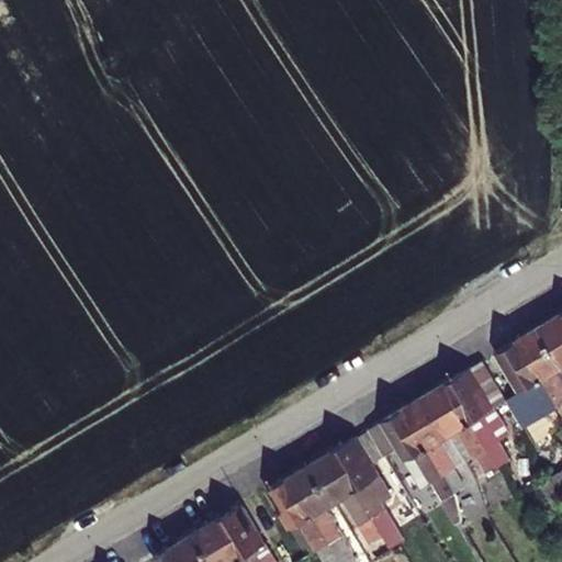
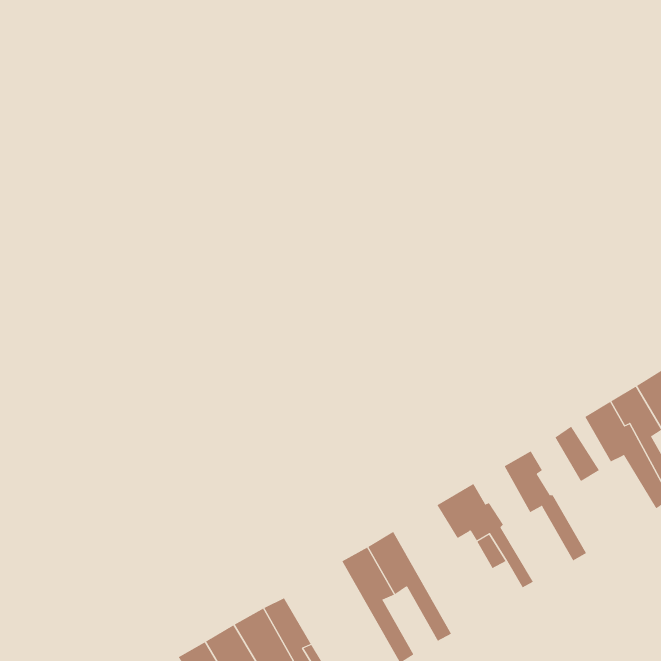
building: [451,372,512,470] -> none
building: [403,396,465,494] -> none
building: [335,439,396,538] -> none
building: [267,476,314,531] -> none

